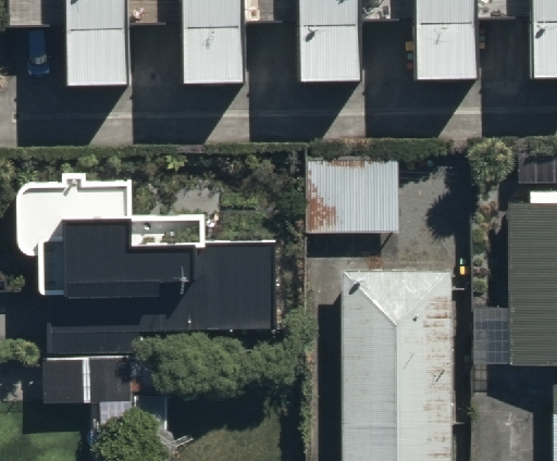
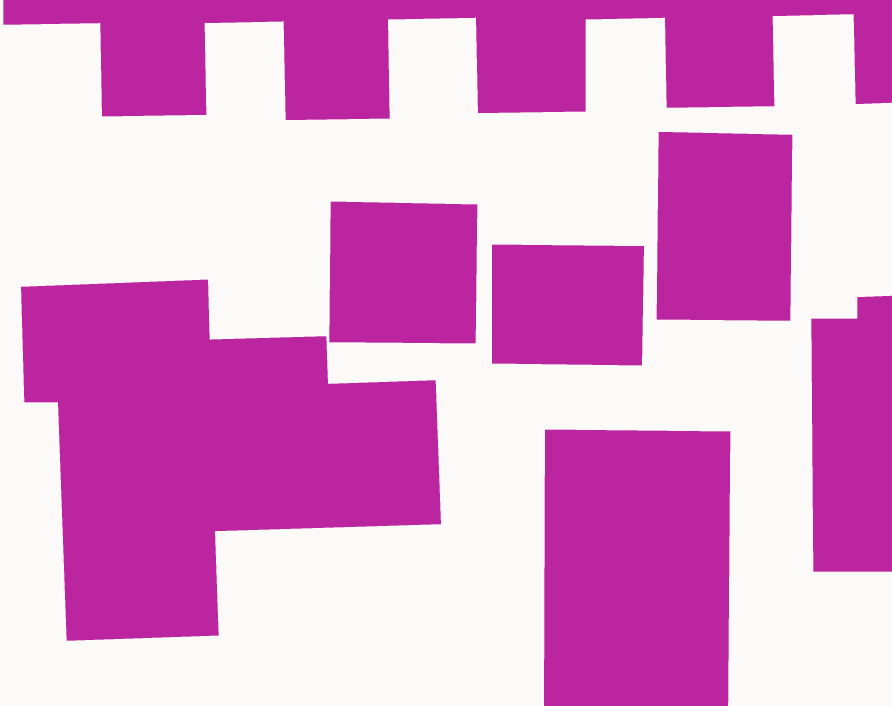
building: none -> [656,131,793,321]
building: none -> [329,201,478,344]

